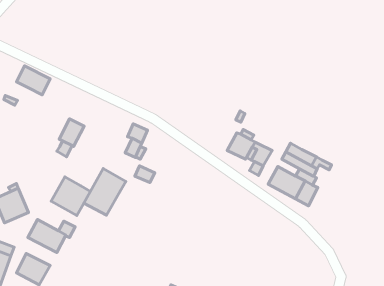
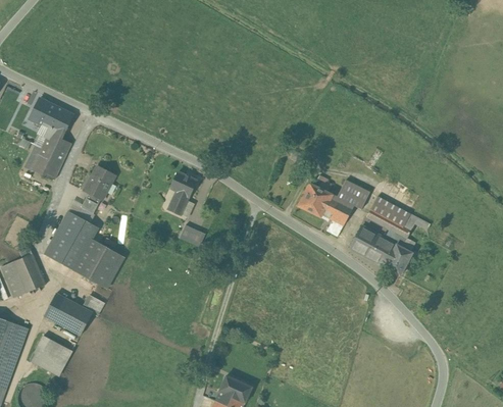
building: none -> [23,125,70,179]
building: none -> [337,180,369,209]
building: [84,169,126,215] -> [45,210,98,269]

